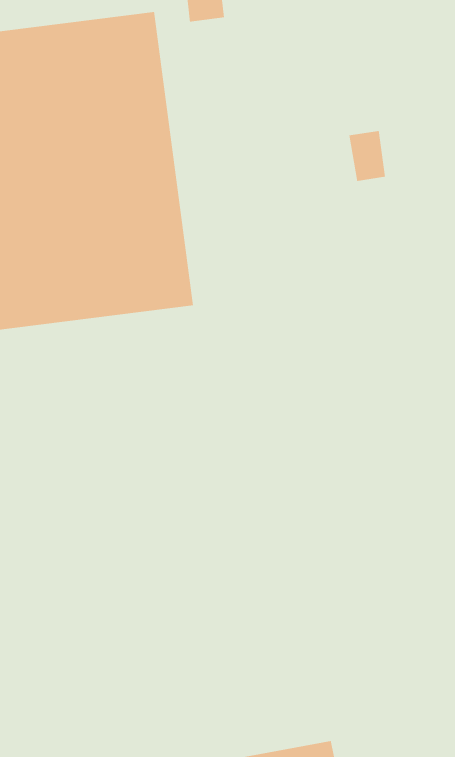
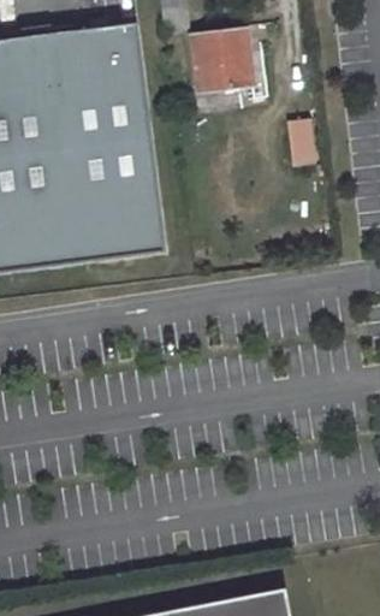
building: none -> [192,26,253,89]

